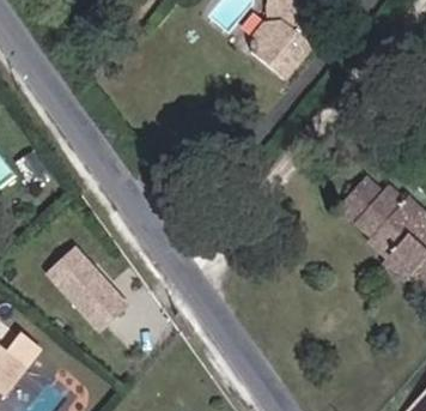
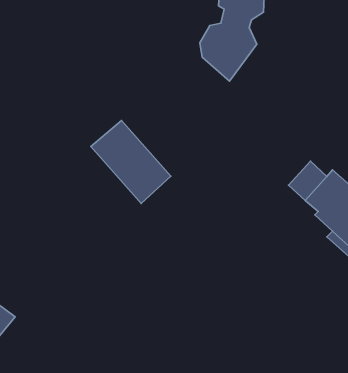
building: [48,244,135,336] -> [91,120,171,204]

